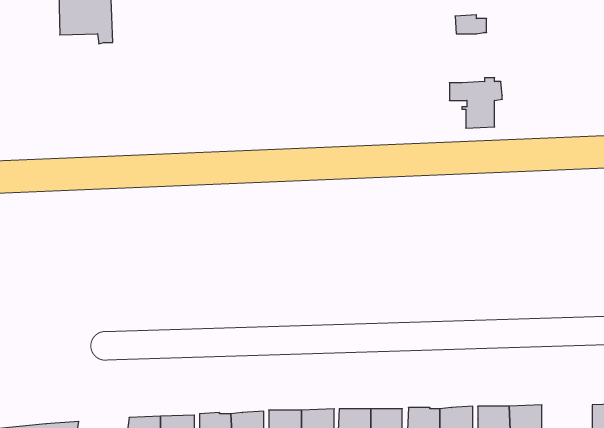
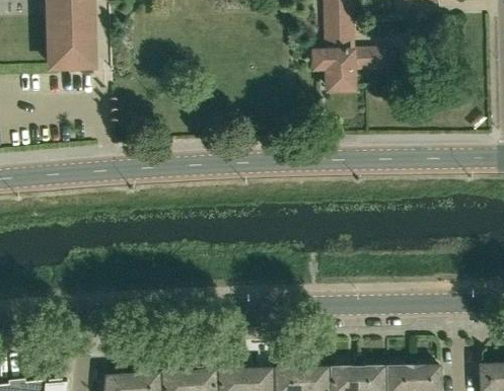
building: [449,78,502,128] -> [314,49,357,89]

